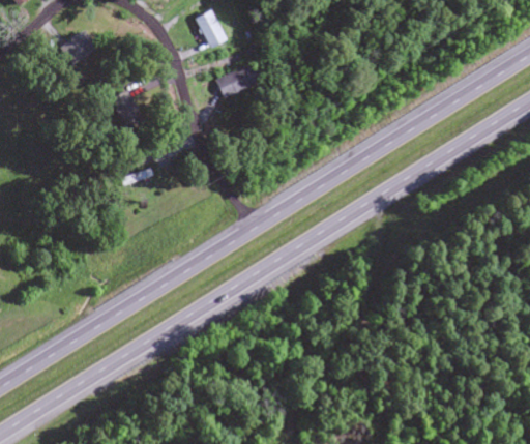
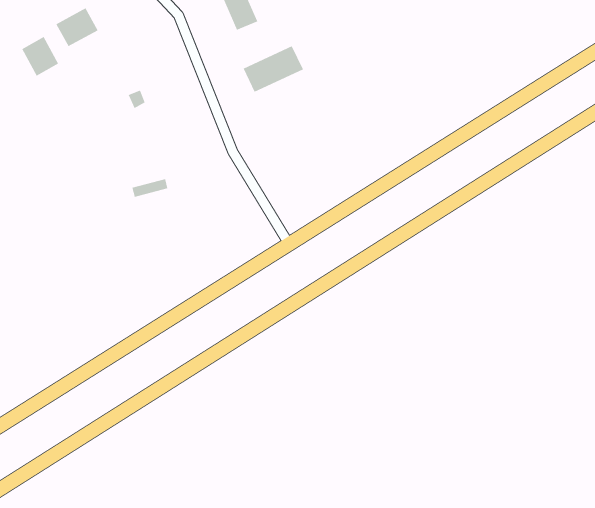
building: none -> [22,36,59,76]

